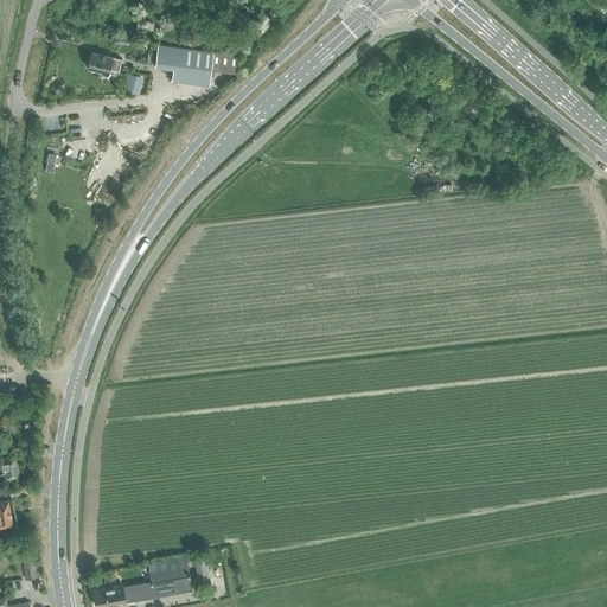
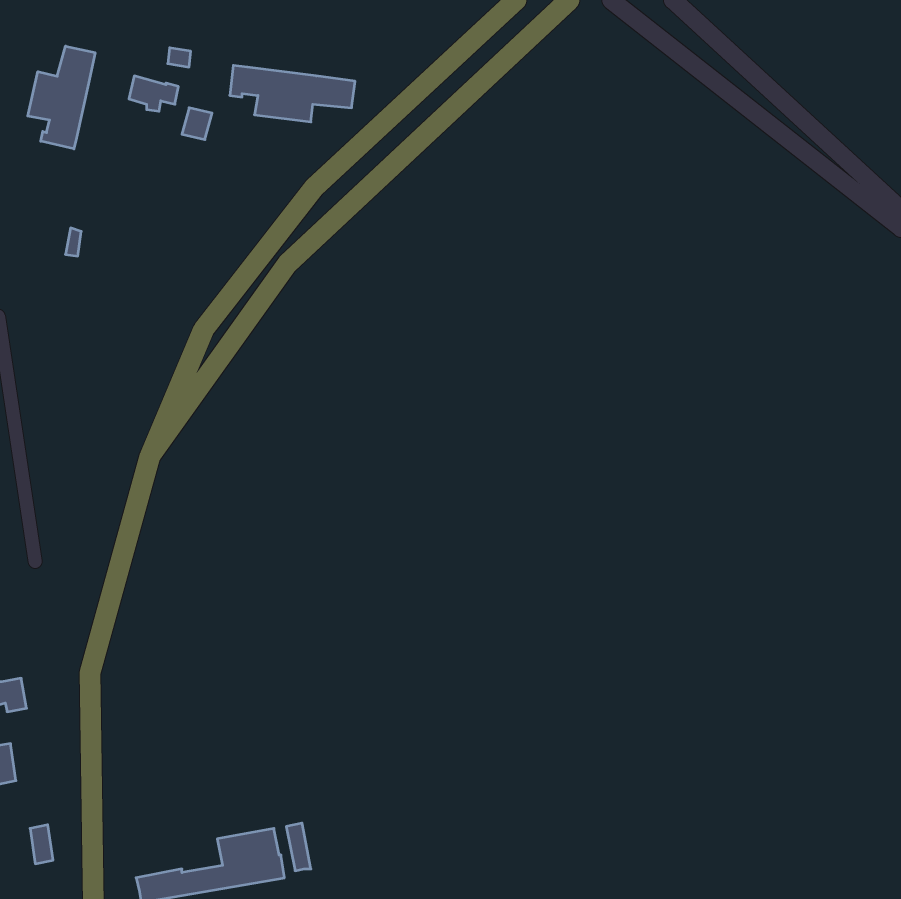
building: none -> [28,46,95,149]

